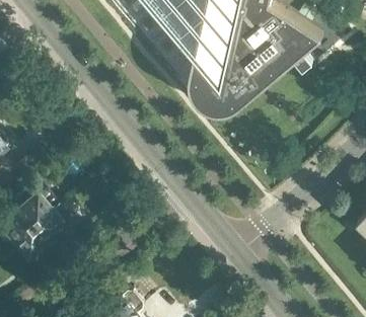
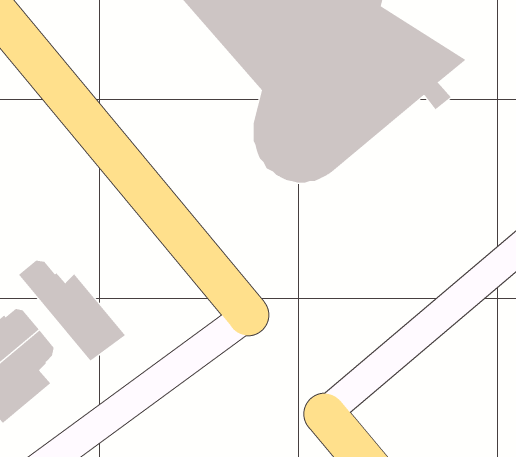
building: none -> [18,260,126,361]

